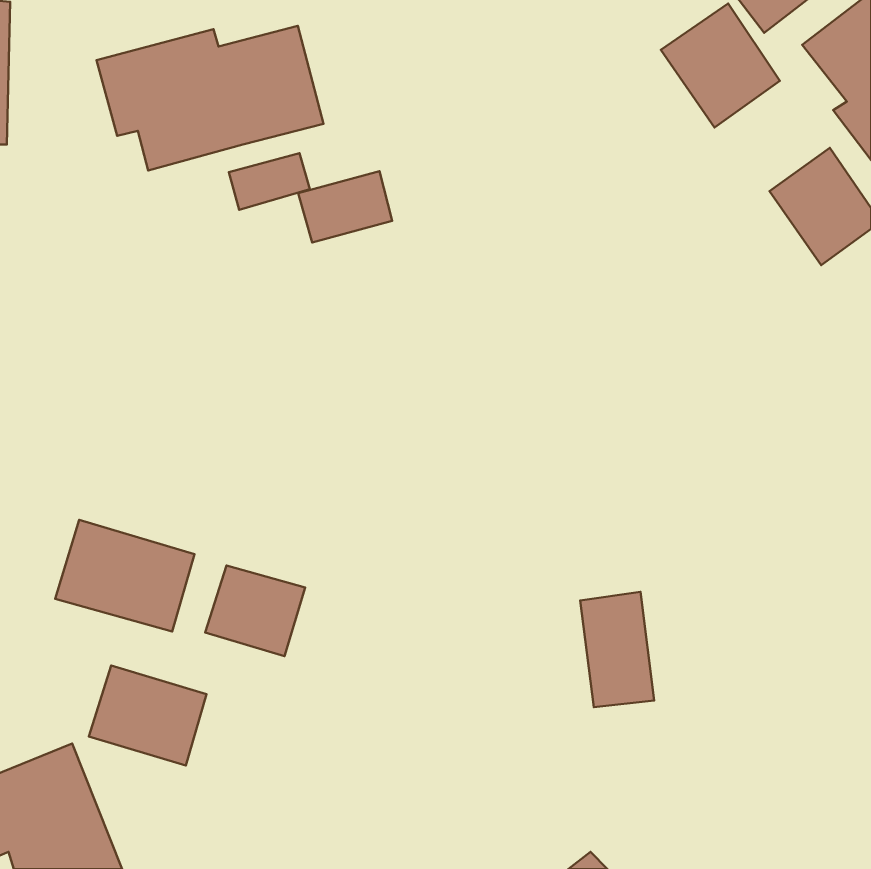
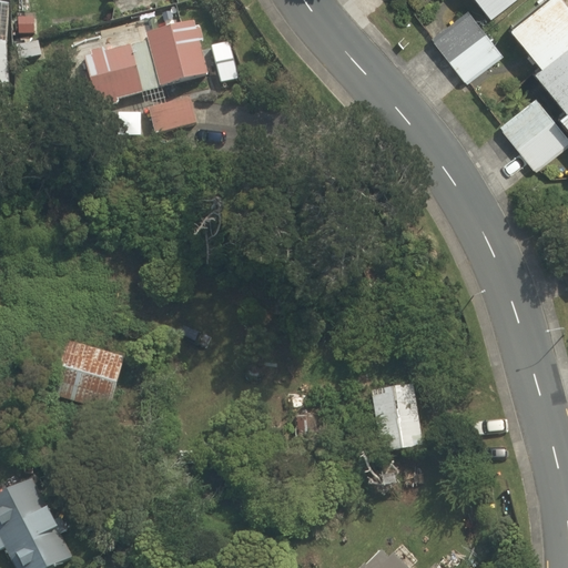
building: [298,171,392,242] -> none
building: [205,565,305,656] -> none
building: [89,665,206,765] -> none

